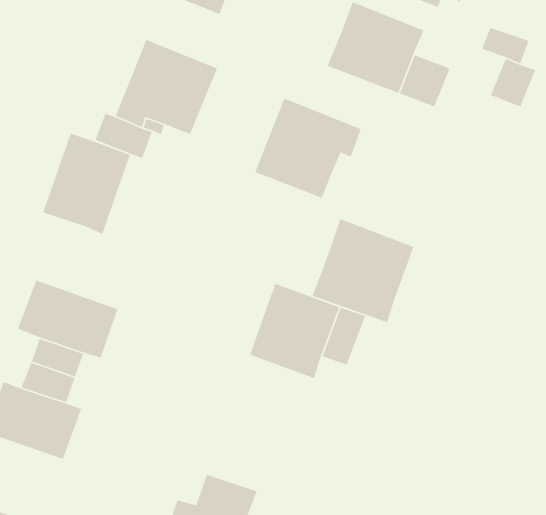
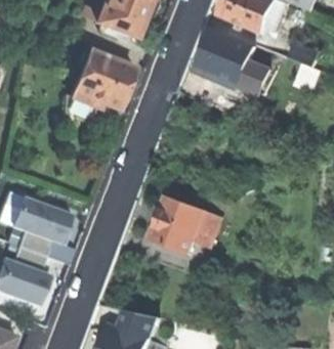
building: [254,98,362,199] -> none
building: [42,133,131,235] -> none
building: [311,218,415,323] -> none

